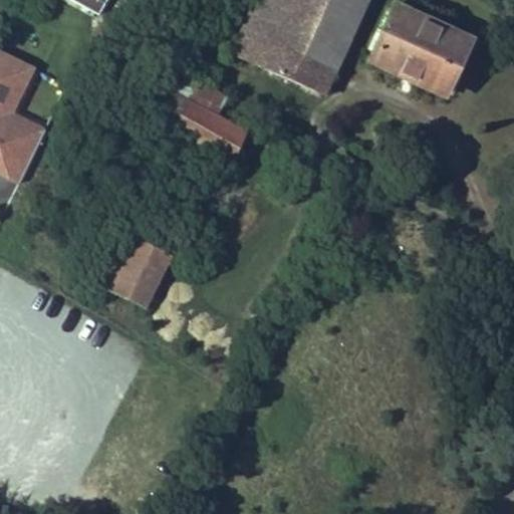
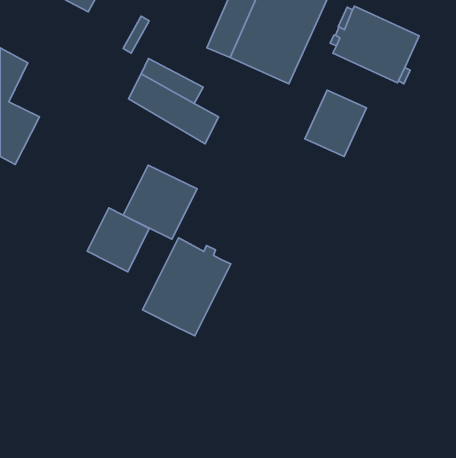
building: none -> [305,90,367,156]
building: none -> [123,165,197,239]
building: none -> [143,238,231,336]

